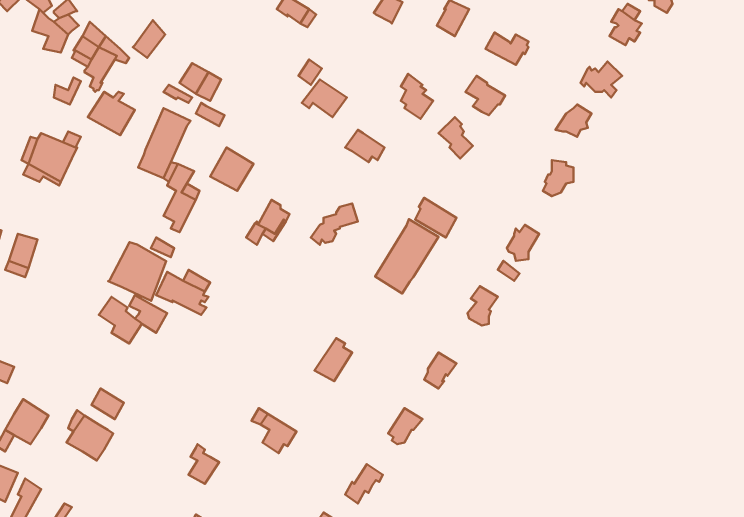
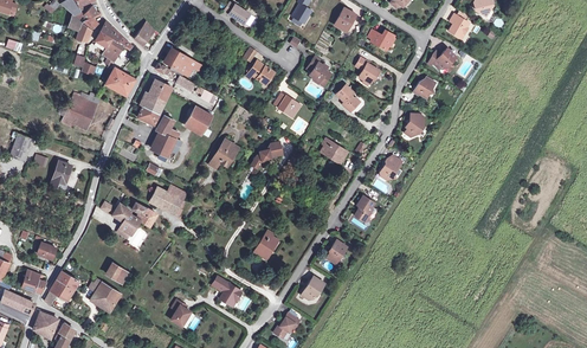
building: [375,219,439,294] -> none
building: [108,242,166,301] -> none

